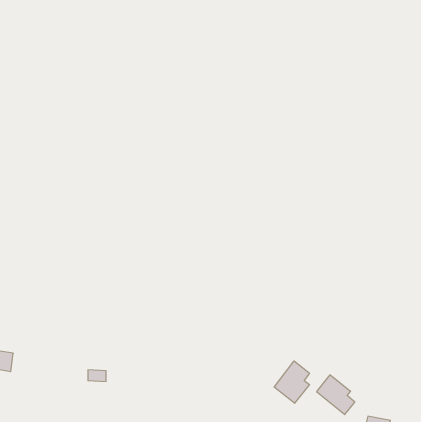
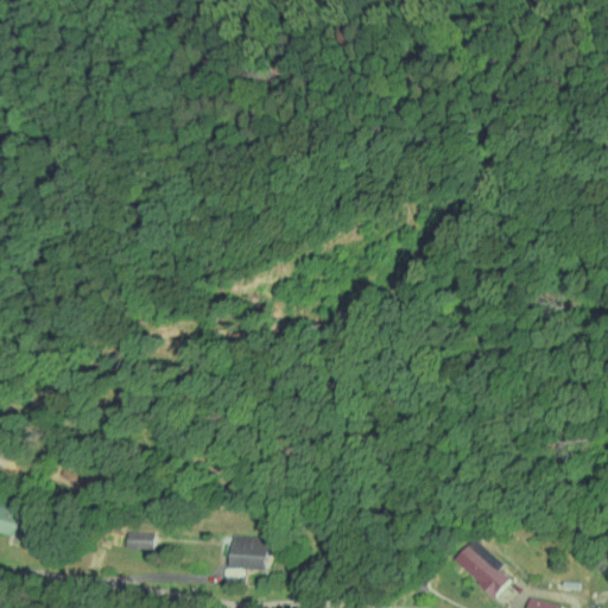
building: [274,361,309,403] -> none
building: none -> [229,536,267,570]

